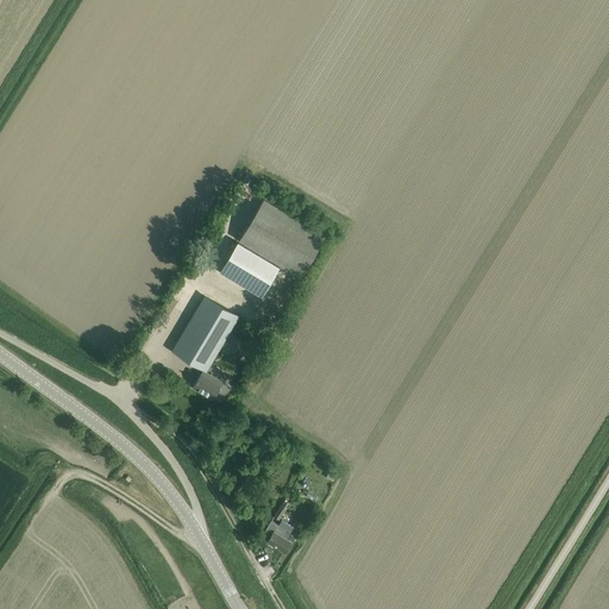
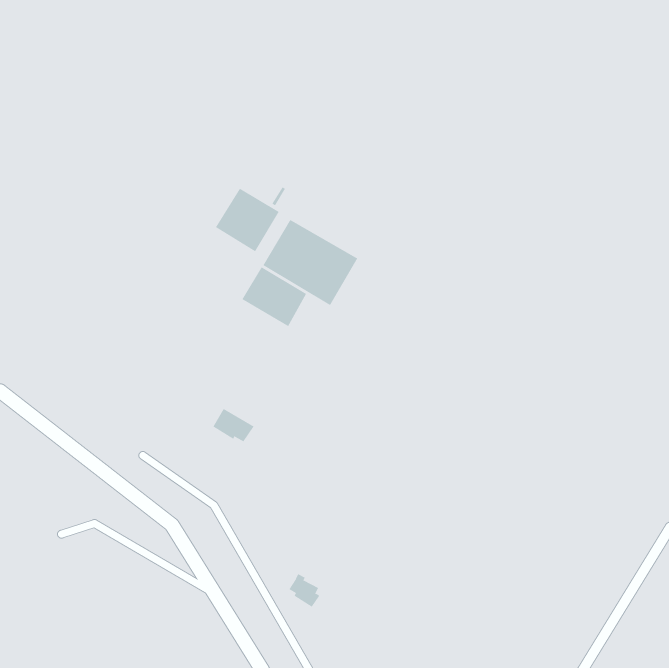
building: none -> [215,188,279,252]
building: [174,299,238,371] -> none

